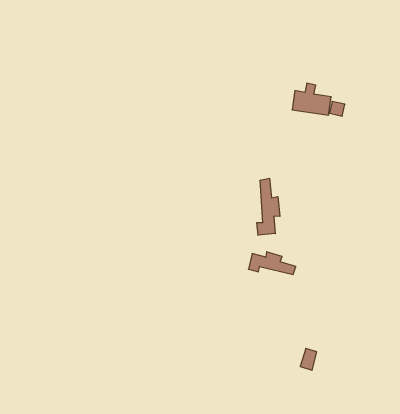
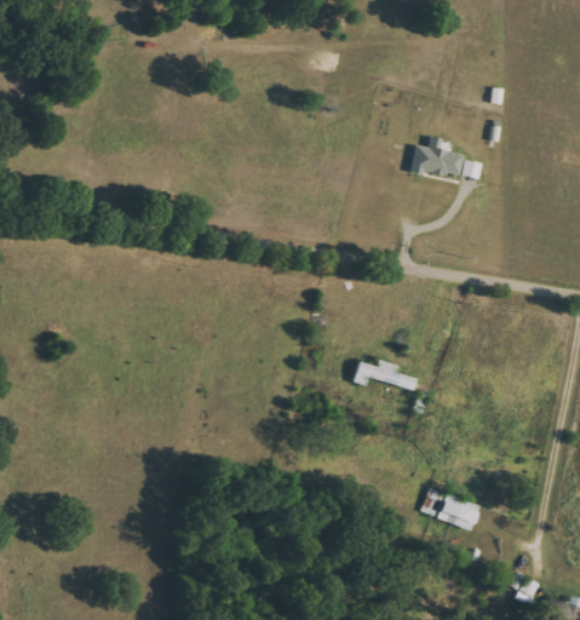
building: [257,178,280,235] -> none
building: none -> [437,494,479,530]

